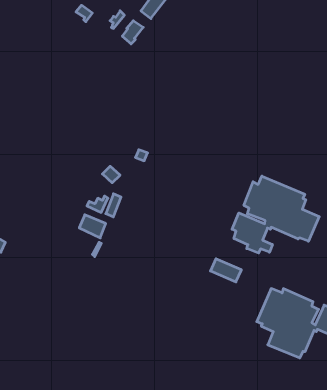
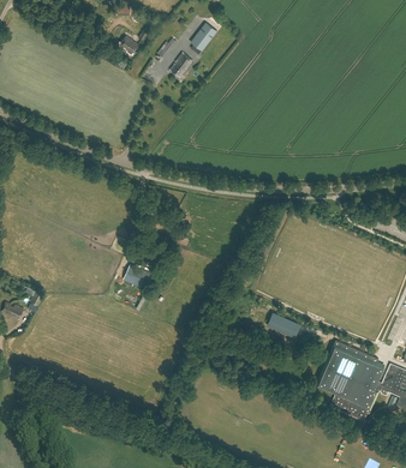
building: [232,176,319,253] -> none

